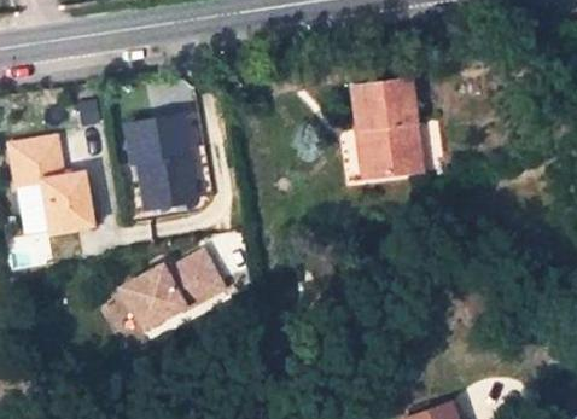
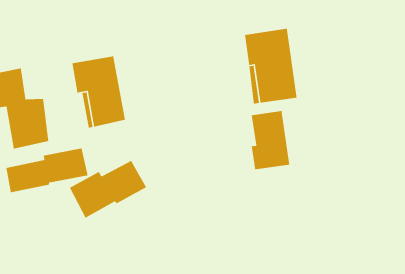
building: none -> [251,110,290,170]
building: none -> [6,147,88,193]

